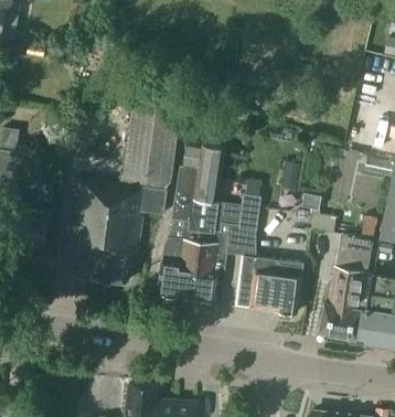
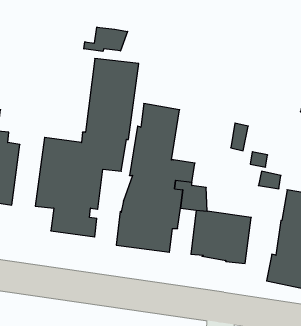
building: none -> [84,27,128,51]
building: [238,180,260,232] -> none

